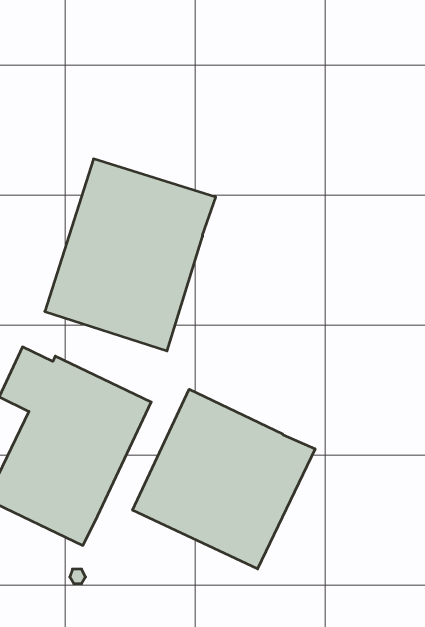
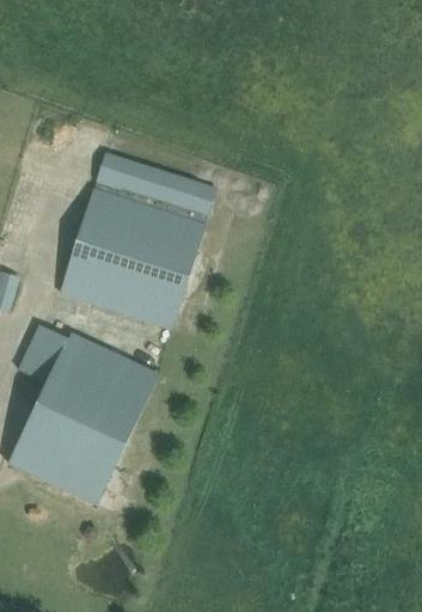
building: [133,389,315,569] -> none

